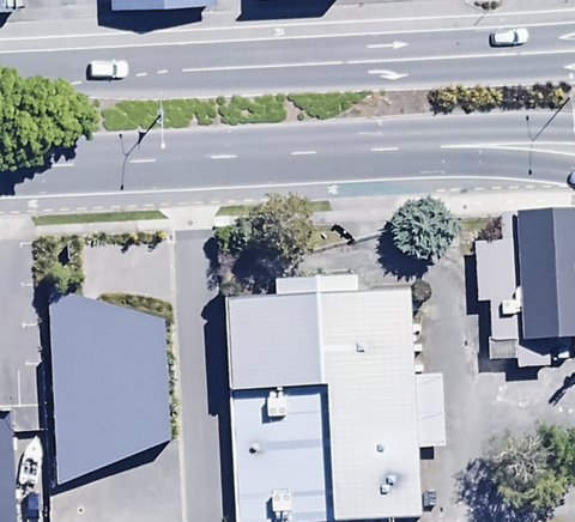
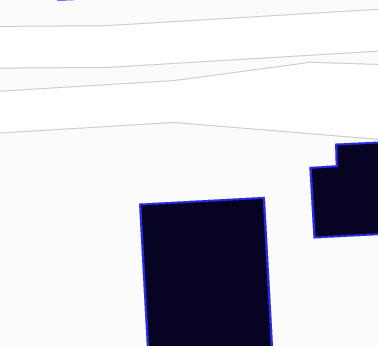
building: [43,291,167,488] -> none

